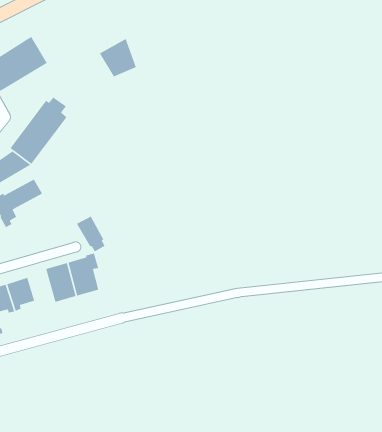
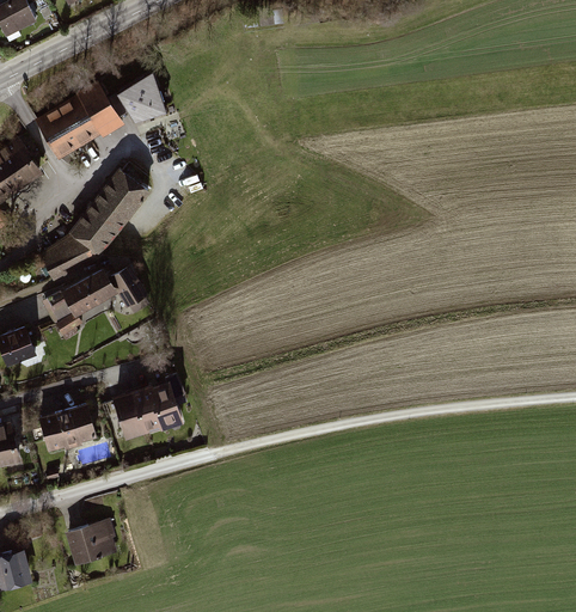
building: [99,38,137,78] -> [112,73,163,126]
building: [76,215,105,252] -> [105,265,145,314]
building: none -> [66,519,117,564]

